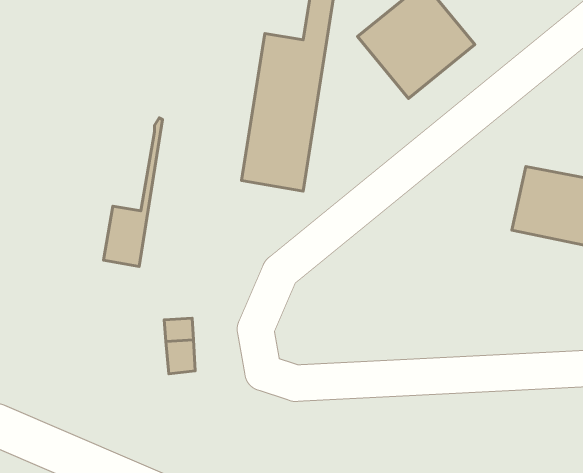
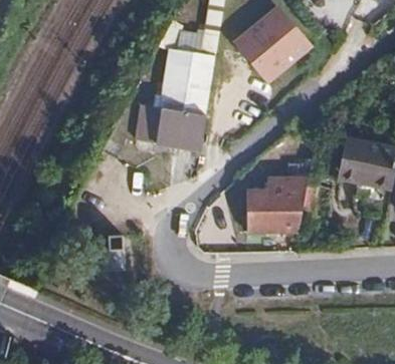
building: [104,118,162,266] -> [137,49,175,145]
building: none -> [244,178,306,233]

